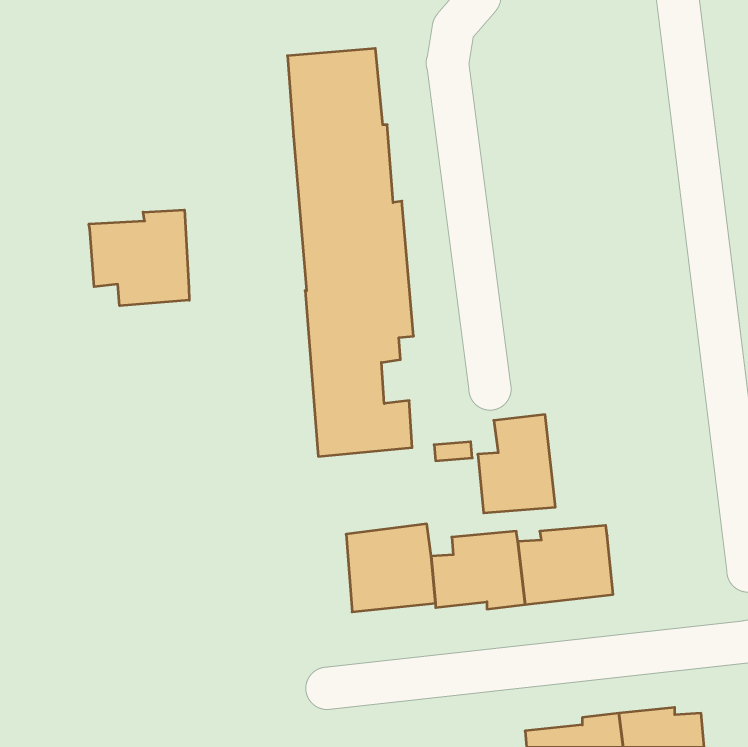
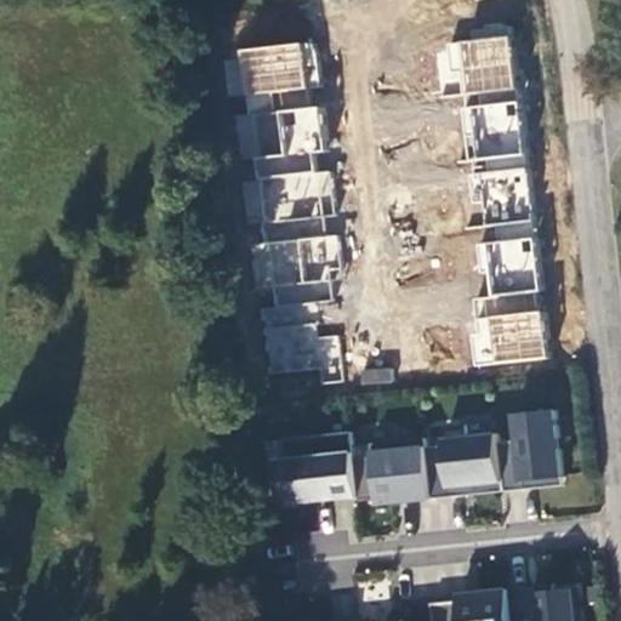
building: none -> [433,27,543,364]
building: [89,210,189,306] -> none
building: [478,415,555,513] -> [502,410,566,491]

